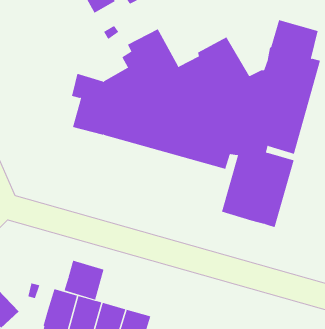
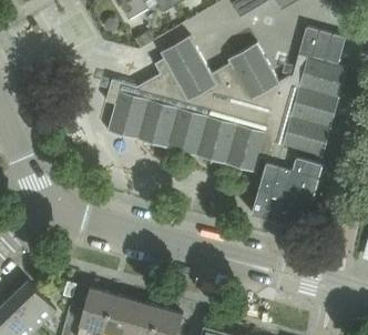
building: [64,260,104,300] -> none

